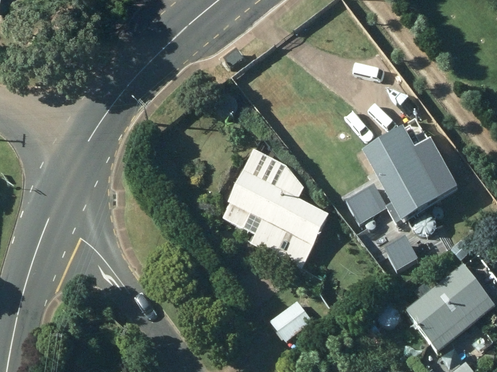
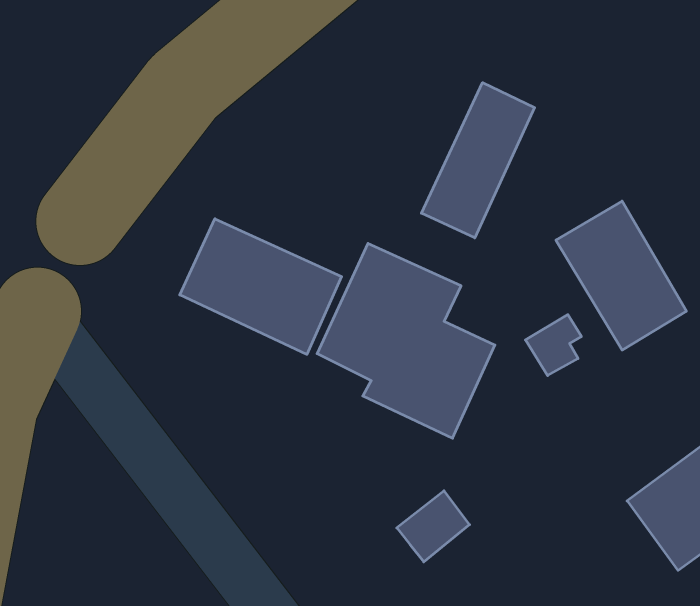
building: none -> [421,83,535,238]
building: none -> [180,219,342,354]

